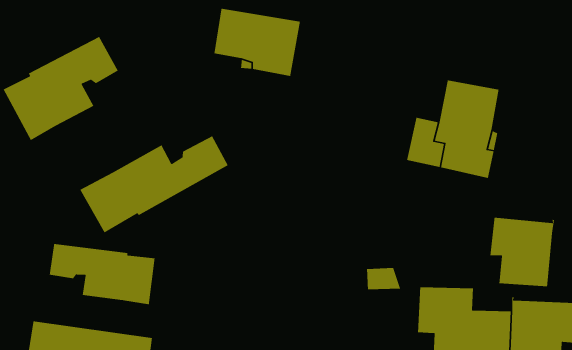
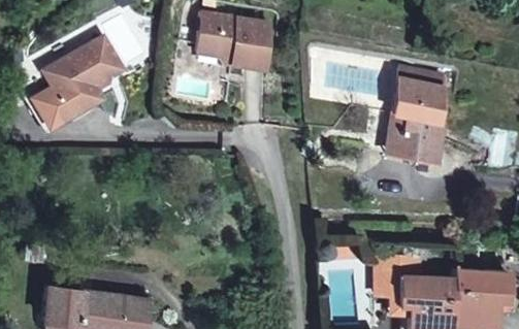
building: [79,135,229,233] -> none
building: [490,217,555,287] -> none
building: [49,243,156,305] -> none

